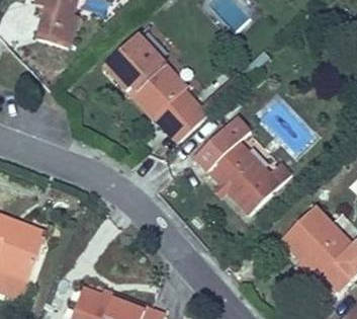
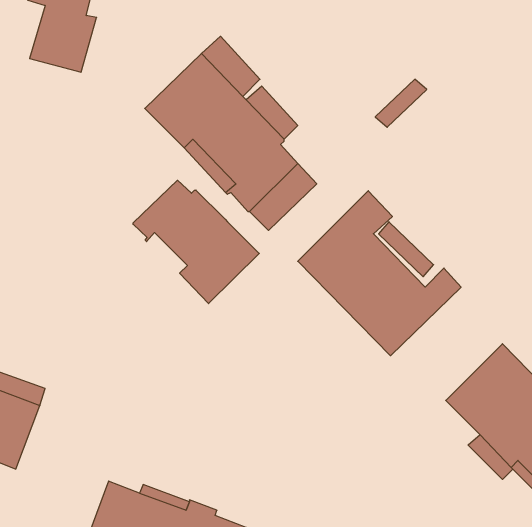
building: none -> [133,180,259,304]

